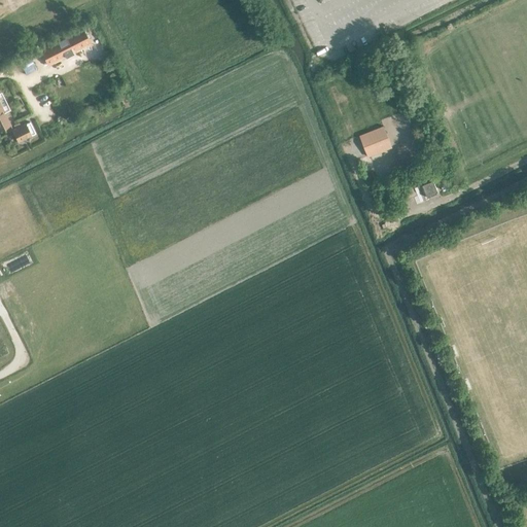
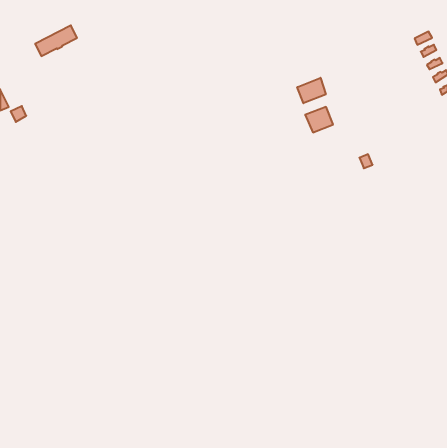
building: none -> [297,78,326,103]

